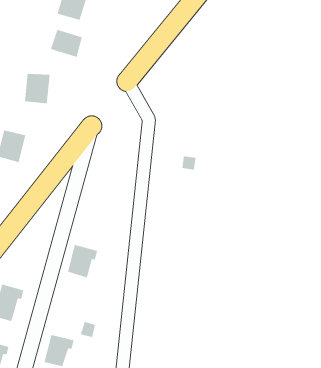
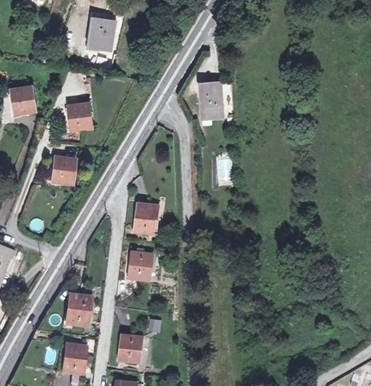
building: [50,29,83,58] -> none
building: none -> [198,82,222,119]
building: none -> [134,203,160,233]

